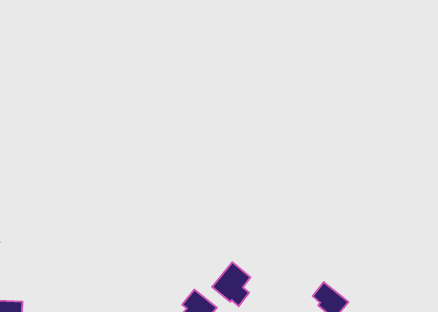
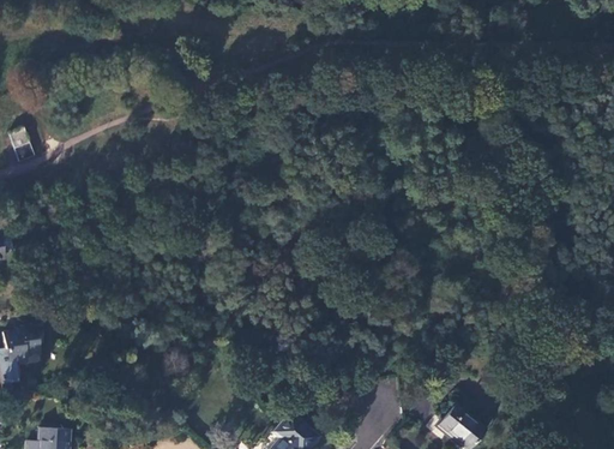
building: [212,262,250,306] -> none

